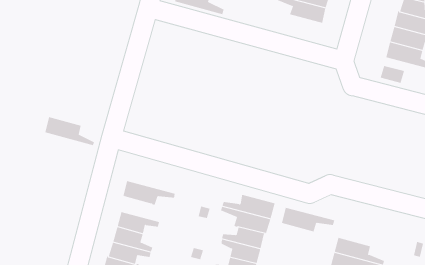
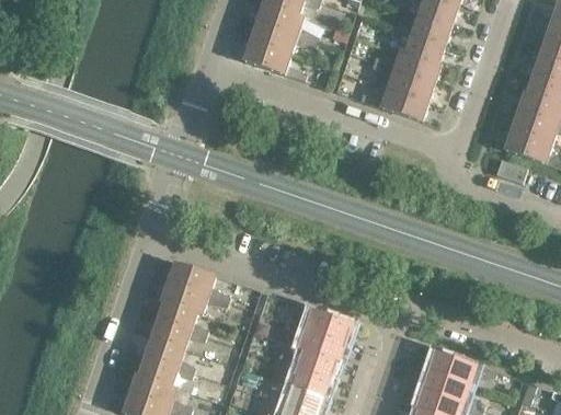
building: none -> [359,87,427,120]
building: [44,117,95,146] -> [167,261,229,301]
building: none -> [157,300,207,335]
building: [281,207,335,232] -> [427,350,495,384]

